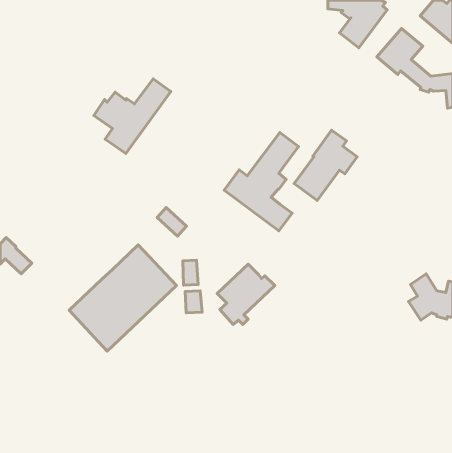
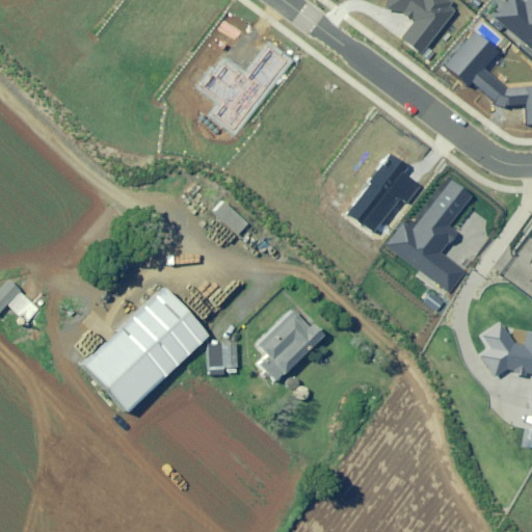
building: [94,79,171,153] -> [198,45,289,132]
building: [224,132,298,231] -> [384,176,472,291]
building: [157,208,186,236] -> [212,201,246,234]
building: [183,260,198,285] -> none

